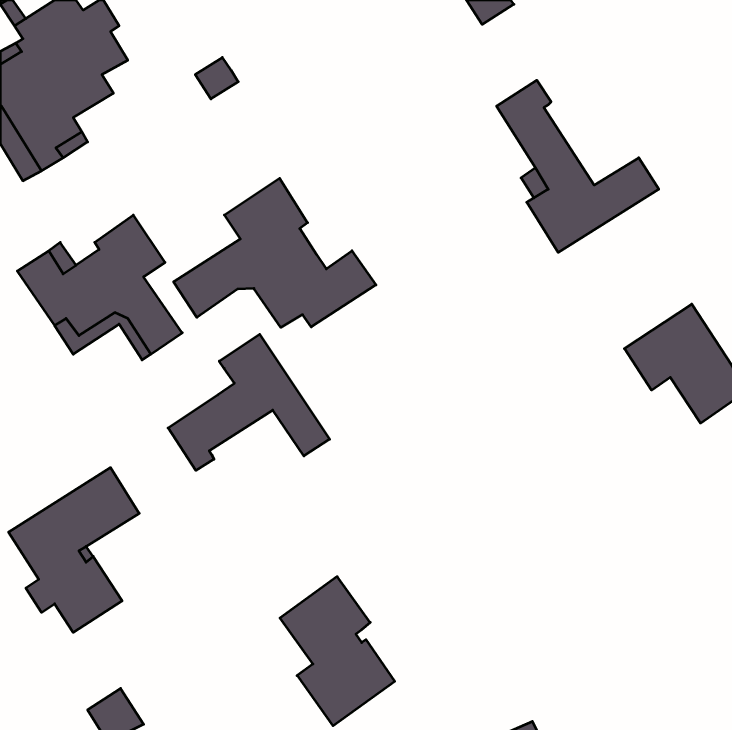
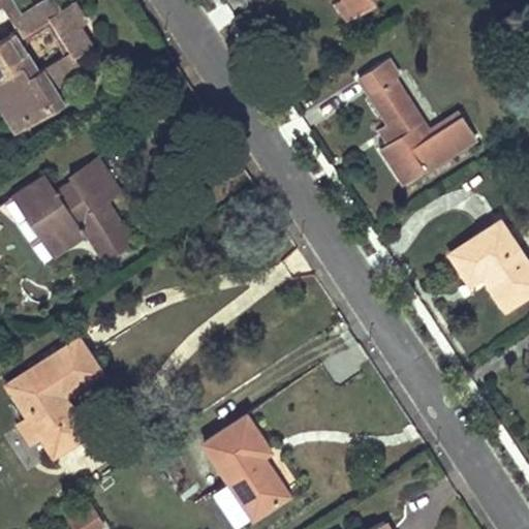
building: [174,178,376,327] -> none
building: [168,334,330,470] -> none

